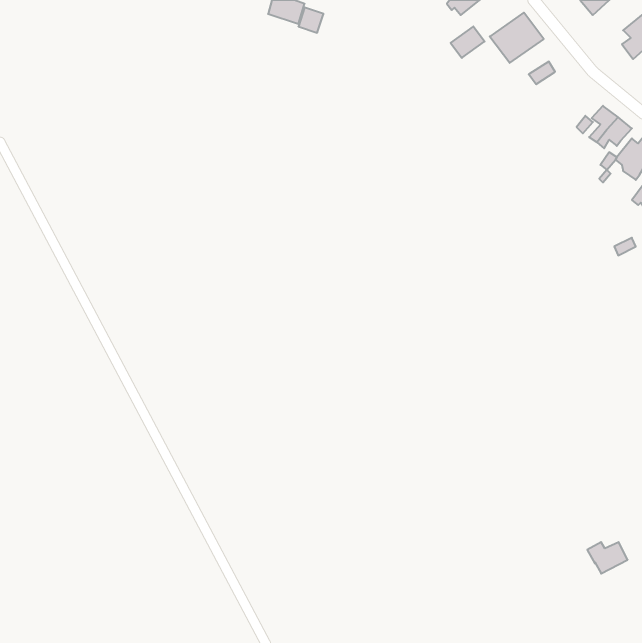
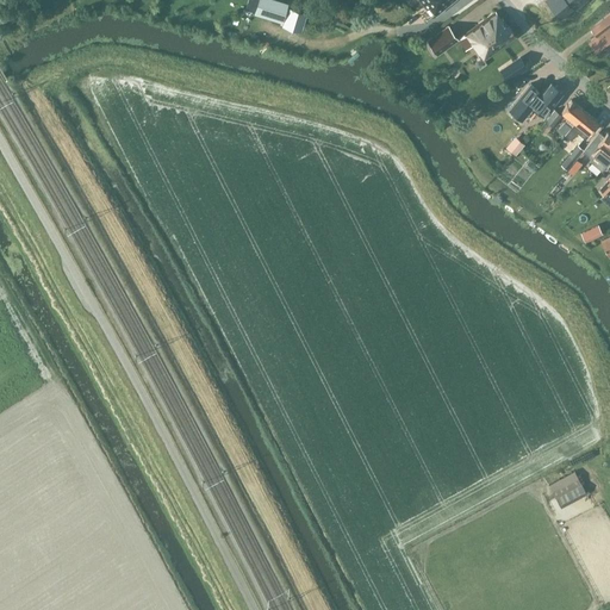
building: none -> [515,82,564,118]
building: [587,542,628,574] -> [549,478,587,508]

